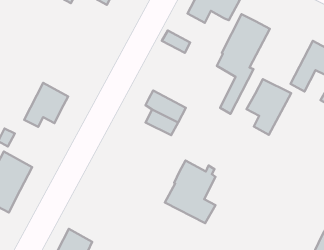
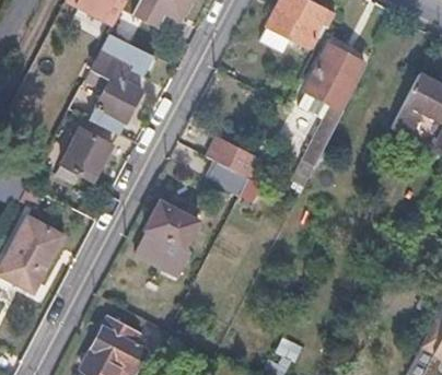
building: none -> [88,33,141,134]
building: [247,79,291,135] -> none
building: [165,160,215,223] -> [136,199,200,279]

